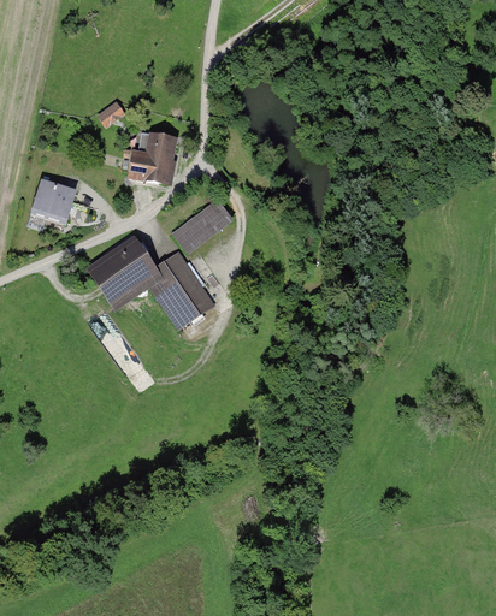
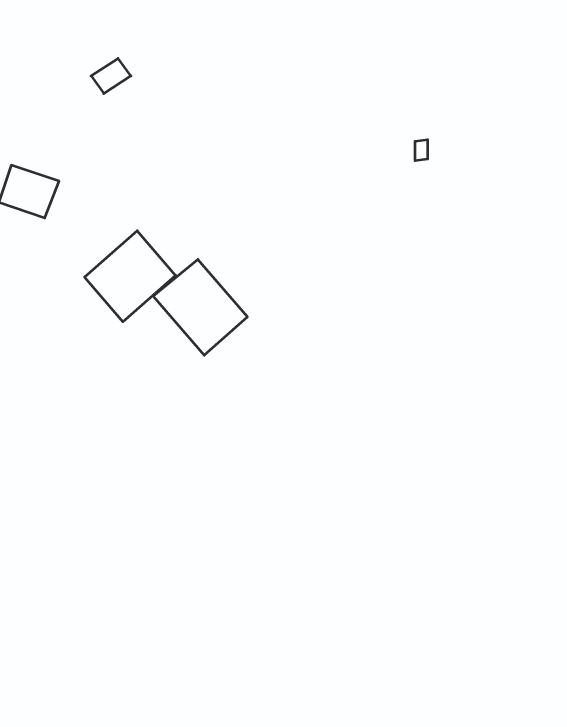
building: [124,134,175,186] -> none
building: [175,195,236,253] -> none

